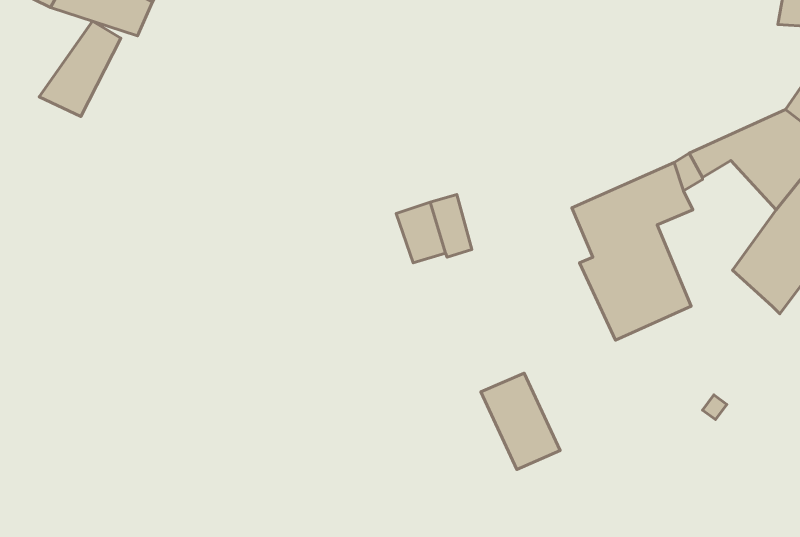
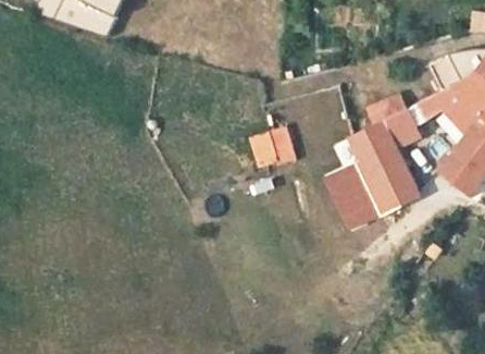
building: [39,21,121,117] -> none
building: [481,373,560,469] -> [332,167,377,222]

